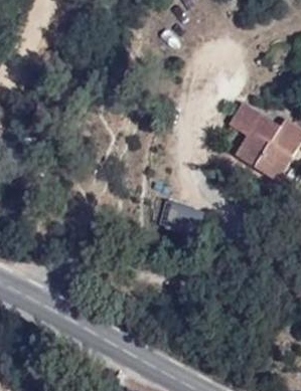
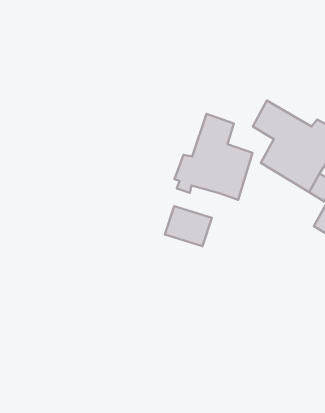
building: none -> [175,114,252,200]

